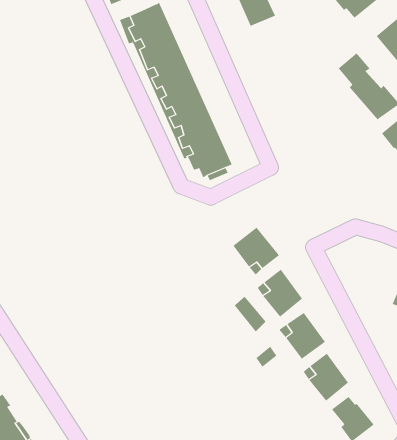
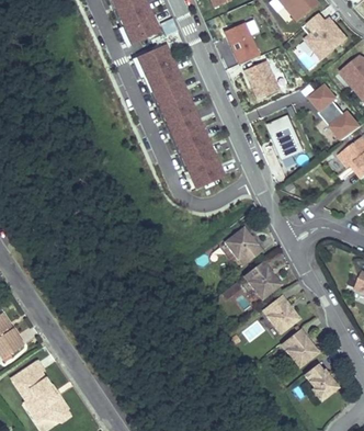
building: none -> [244,60,278,98]
building: none -> [266,114,304,159]

